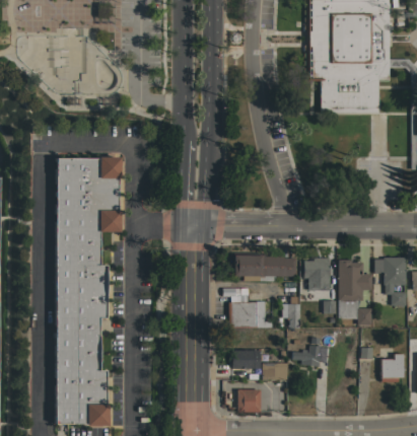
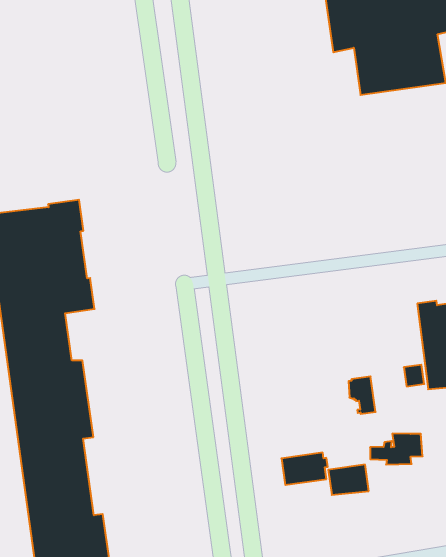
building: [234,255,296,280] -> none
building: [304,258,330,290] -> none
building: [229,300,266,328] -> none
building: [237,388,261,412] -> none

